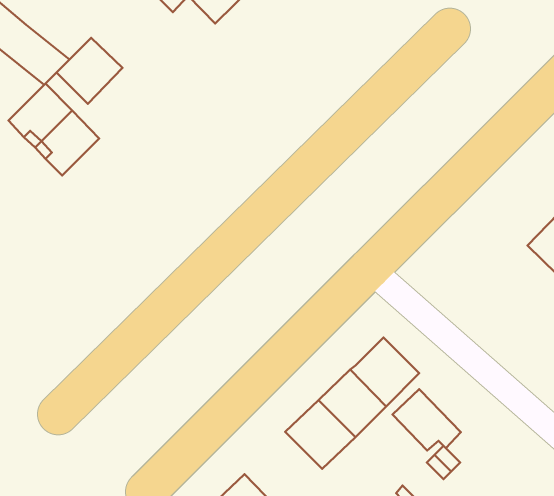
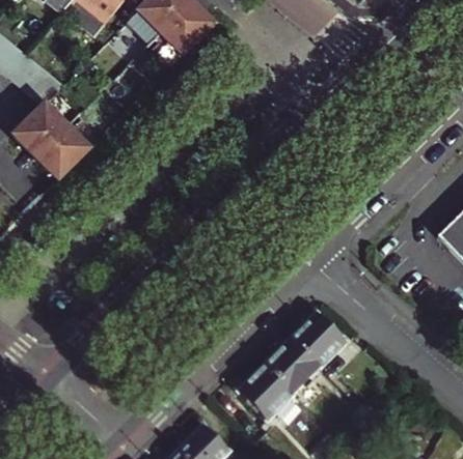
building: [57,38,123,104] -> none
building: [393,389,461,450] -> none

